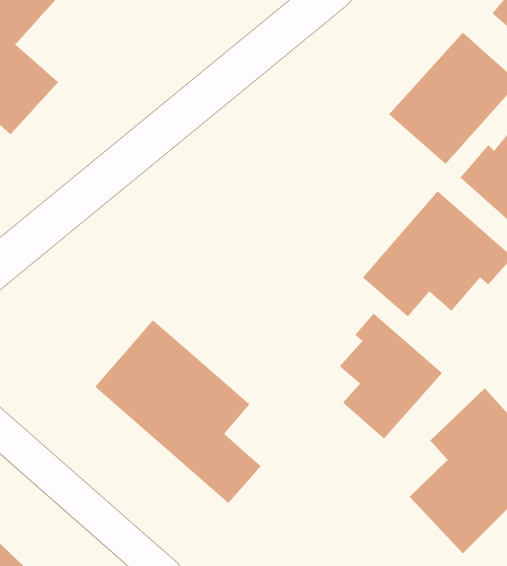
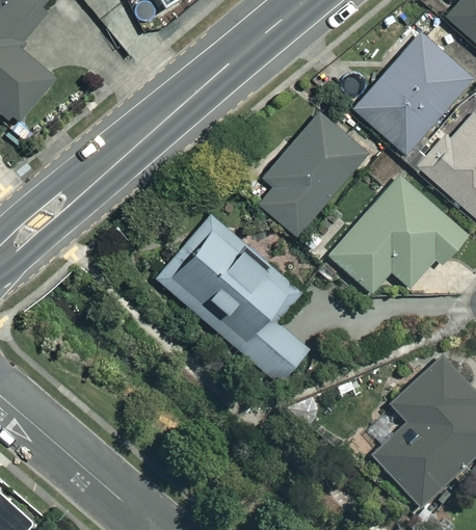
building: none -> [261,112,368,235]
building: [339,313,443,439] -> none
building: [94,319,262,504] -> [157,216,309,383]

